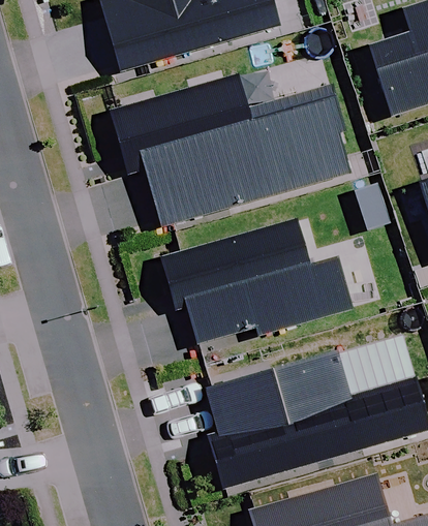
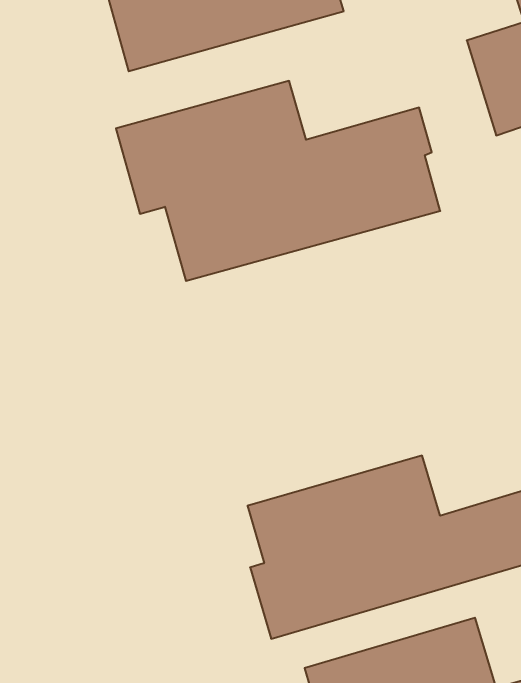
building: [161,220,351,342] -> none

